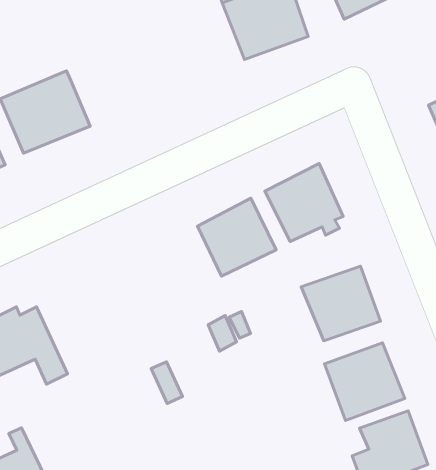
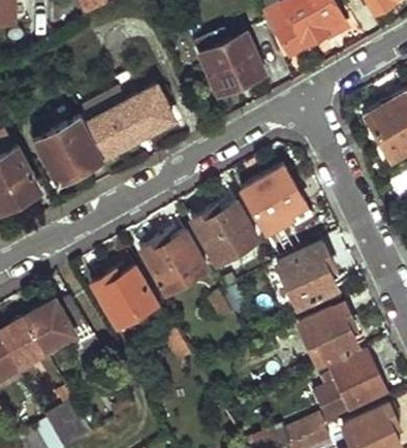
building: none -> [85,85,174,155]
building: none -> [142,230,203,292]
building: none -> [92,265,154,326]

